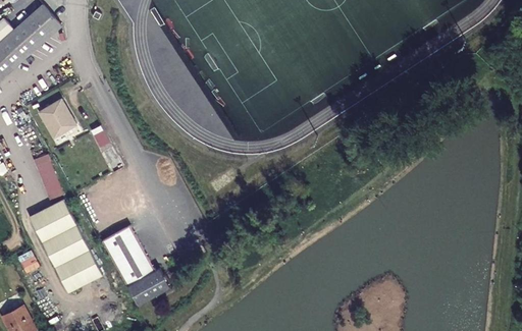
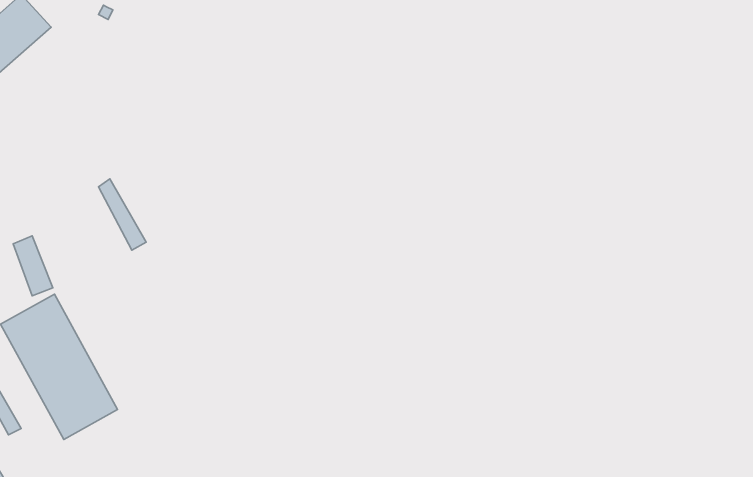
building: [38,99,75,137] -> none
building: [100,224,167,302] -> none

